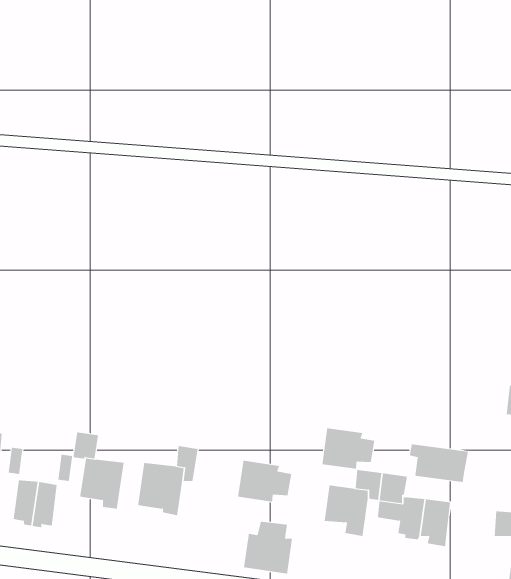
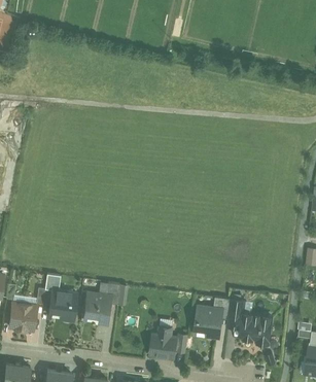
building: [322,427,375,469] -> none
building: [406,443,468,483] -> none
building: [238,460,292,503] -> none

